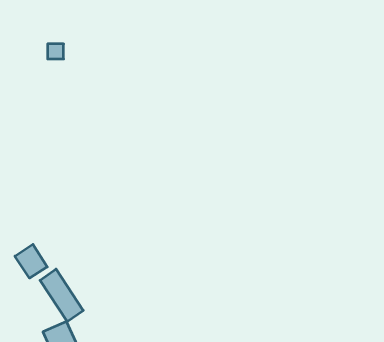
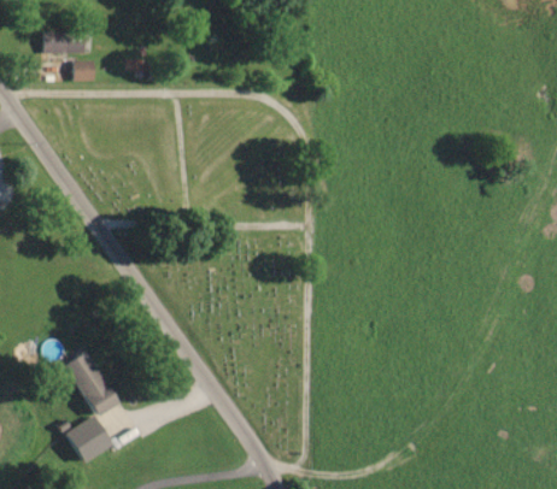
building: none -> [42,31,87,54]
building: [15,244,47,278] -> none

